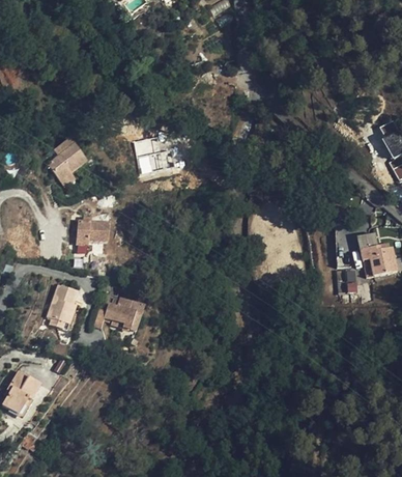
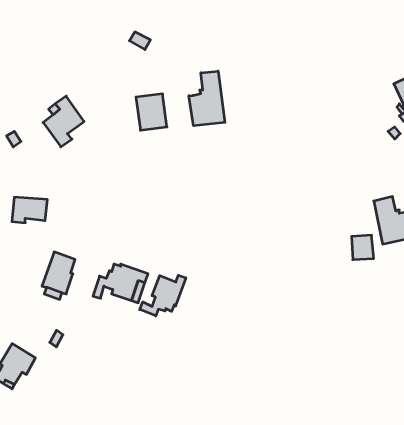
building: none -> [189,71,225,126]
building: [76,221,109,245] -> [12,197,47,223]
building: none -> [140,275,186,316]

